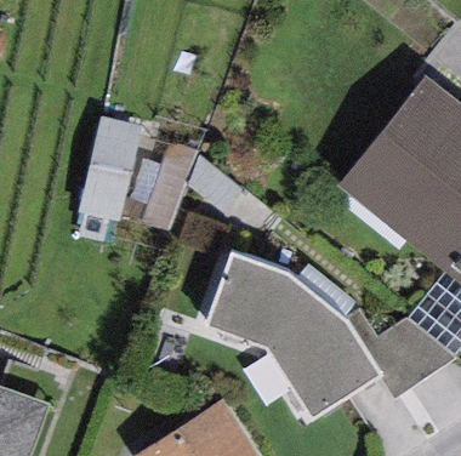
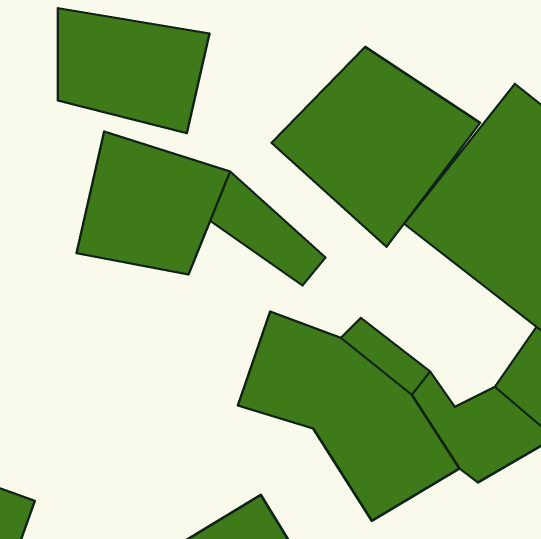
building: none -> [58,8,209,133]
building: none -> [272,47,480,247]

